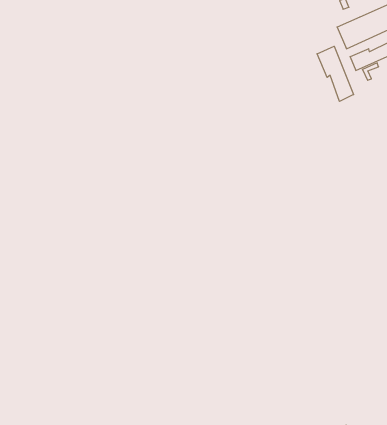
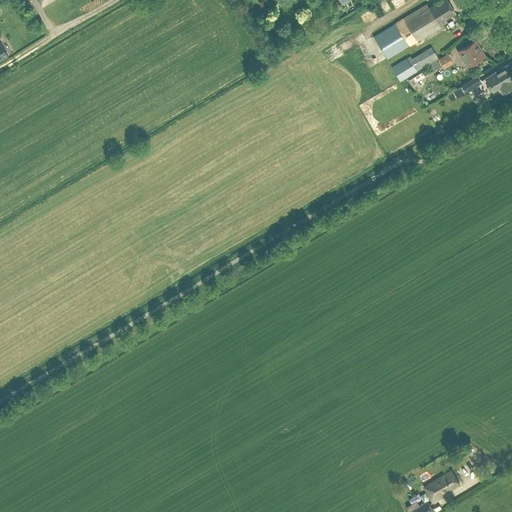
building: [317,46,354,101] -> none

